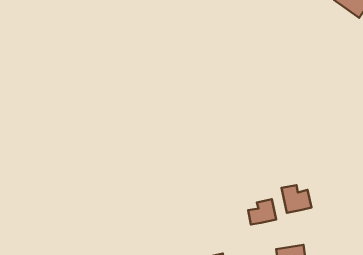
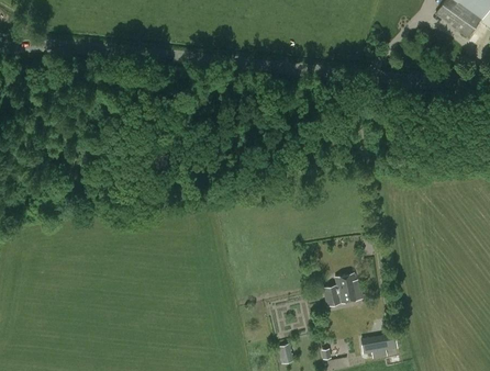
building: [282,185,312,213] -> none

